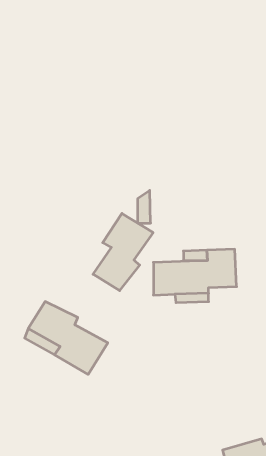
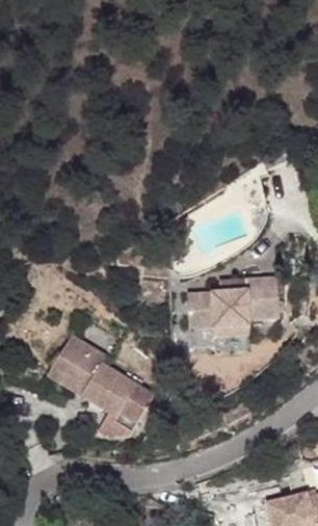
building: [93,213,153,291] -> none
building: none -> [99,384,154,437]

